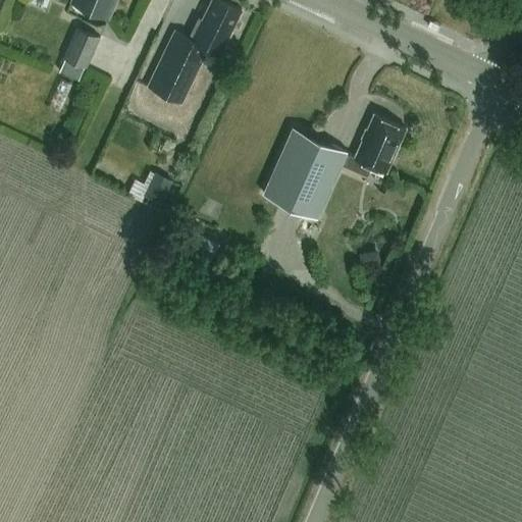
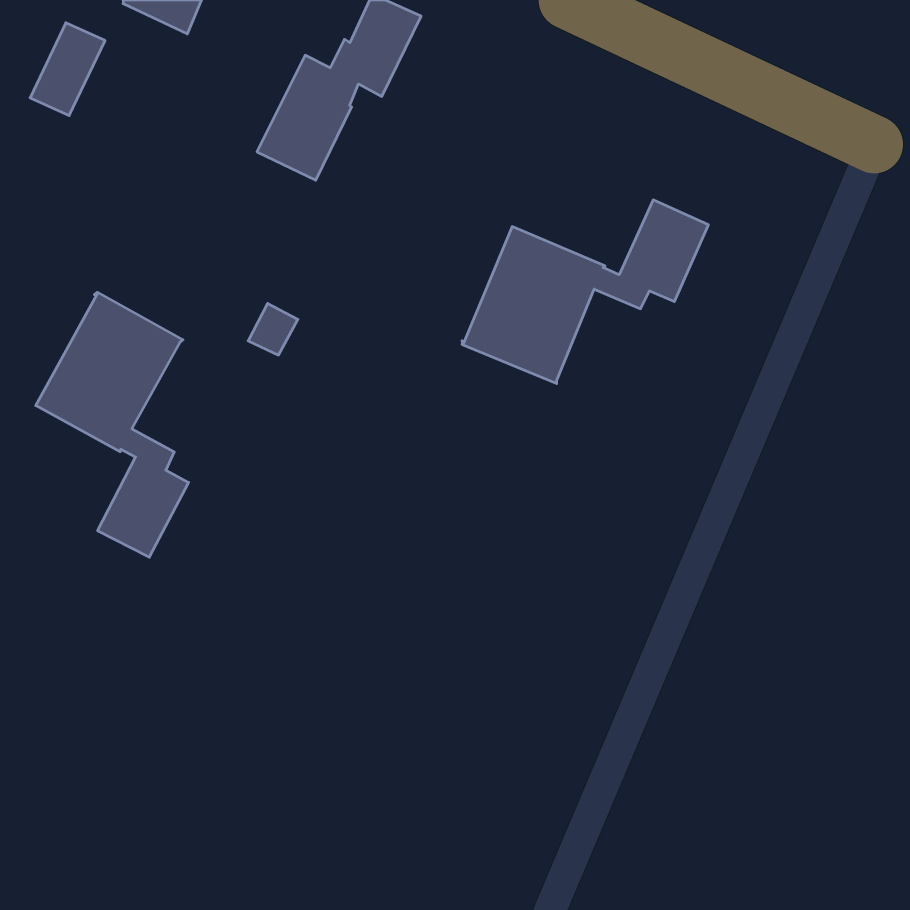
building: [54,29,97,82] -> [30,23,105,116]
building: none -> [36,292,189,557]

